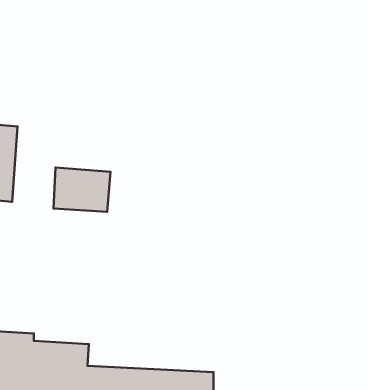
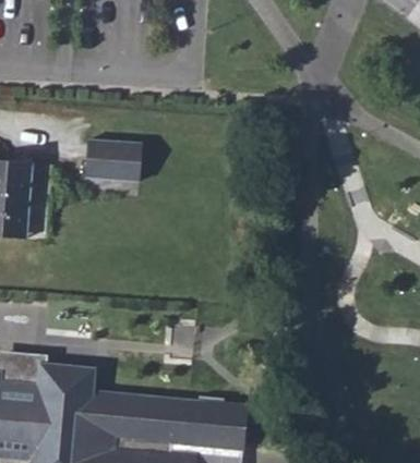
building: [53,168,111,212] -> [86,132,144,176]

